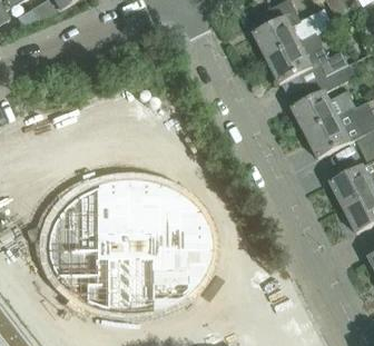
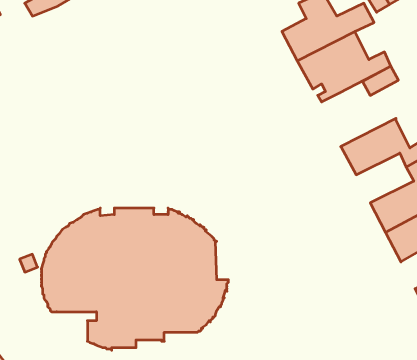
building: [293,88,356,131] -> none

